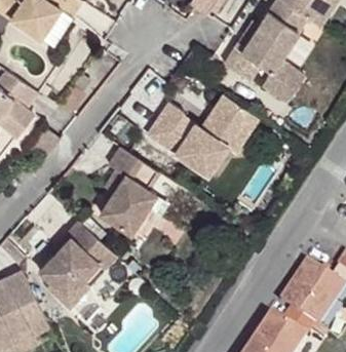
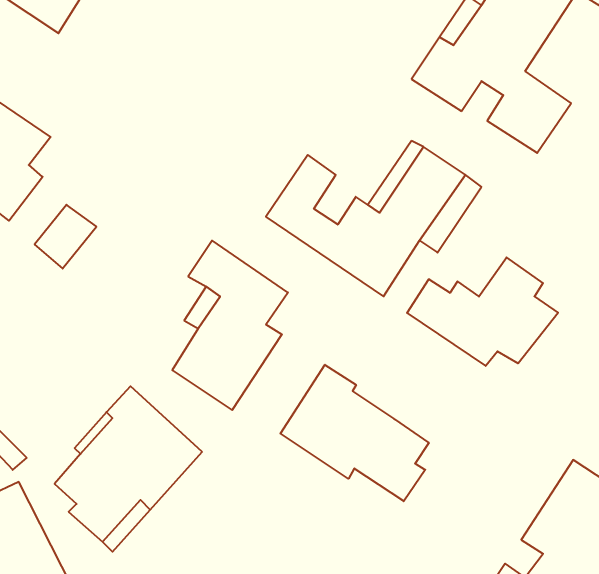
building: none -> [407,257,558,366]
building: none -> [280,365,429,501]

